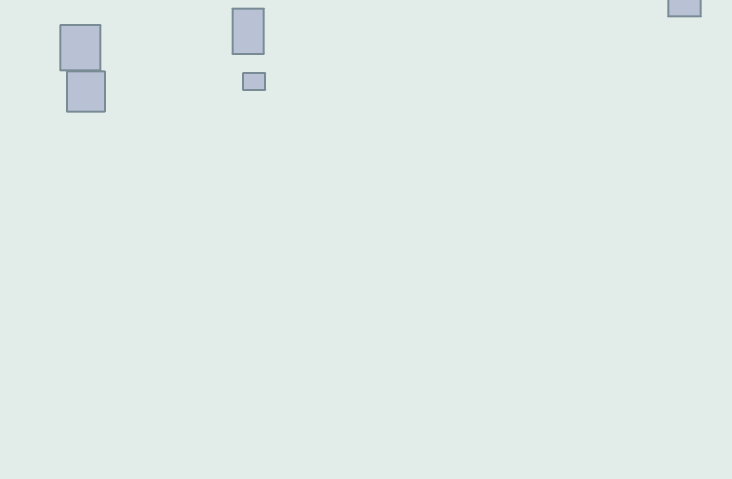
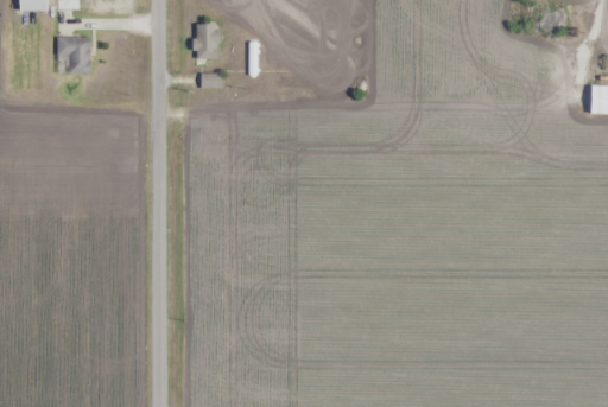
building: [67,71,105,112] -> none

